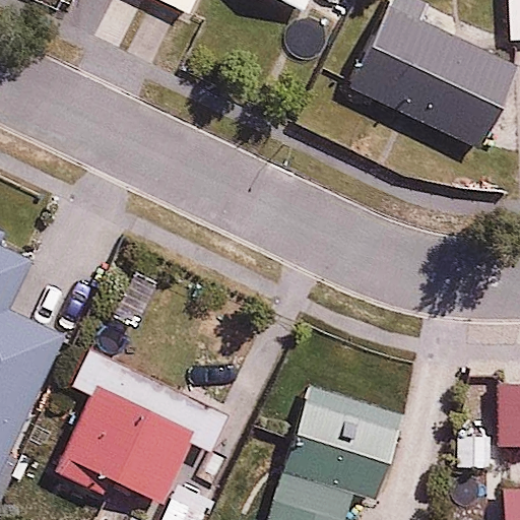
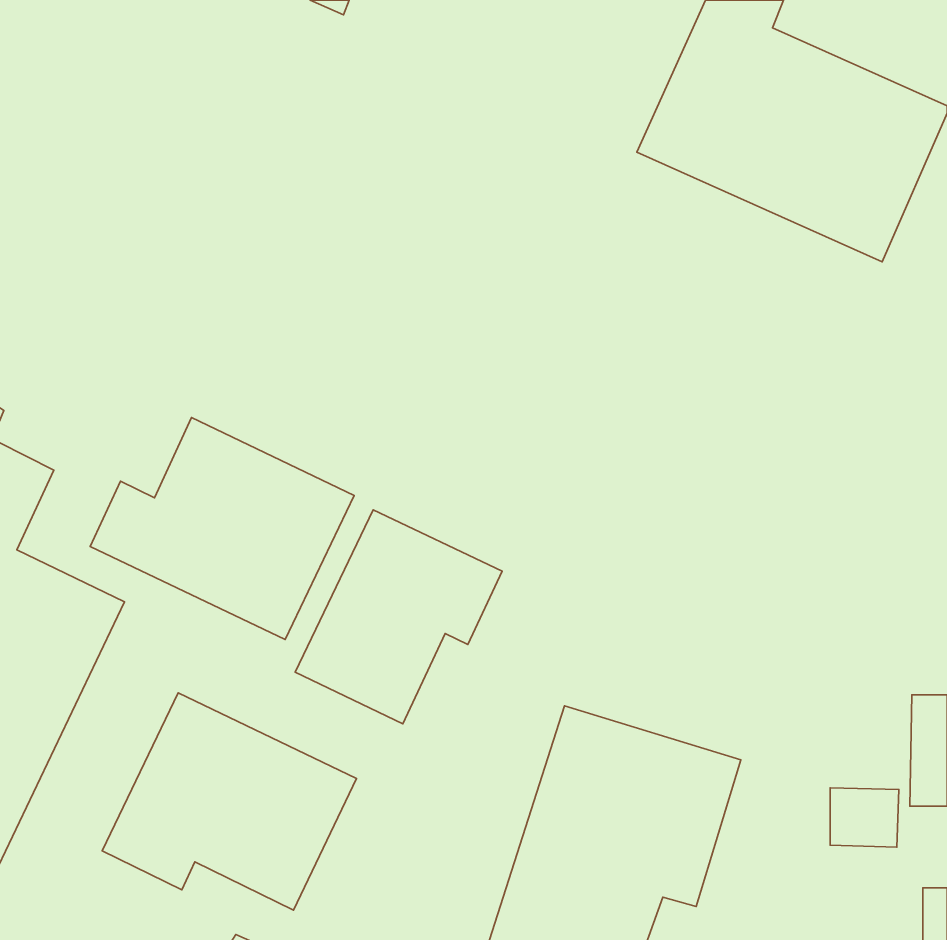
building: none -> [90,418,354,640]
building: none -> [295,510,502,724]

